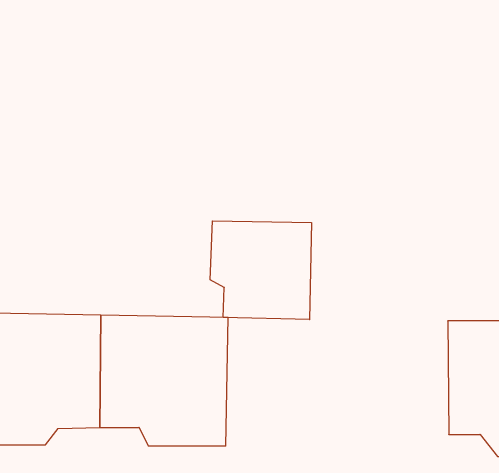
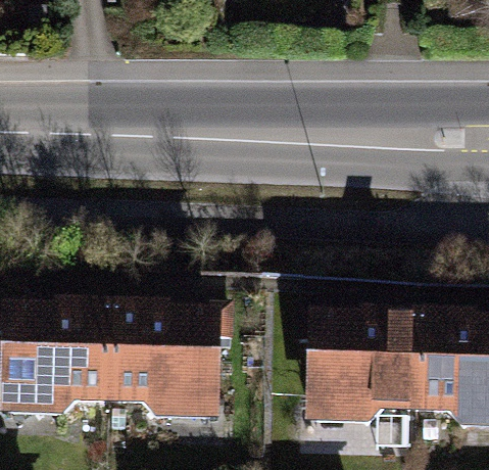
building: [210,221,311,320] -> none
building: none -> [305,306,421,422]

